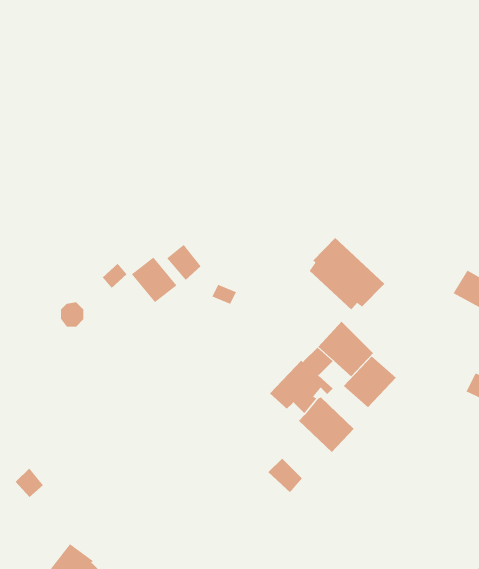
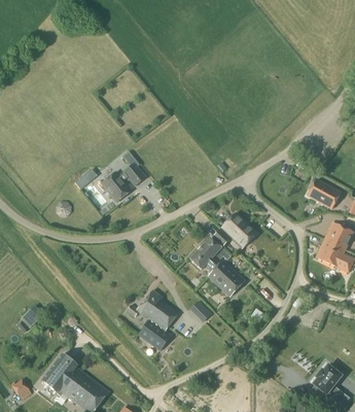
building: [309,237,385,310] -> none
building: [343,355,397,408] -> none
building: none -> [127,289,179,350]

